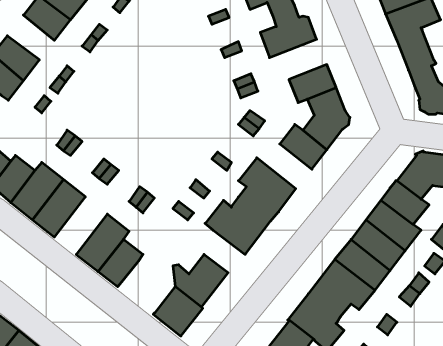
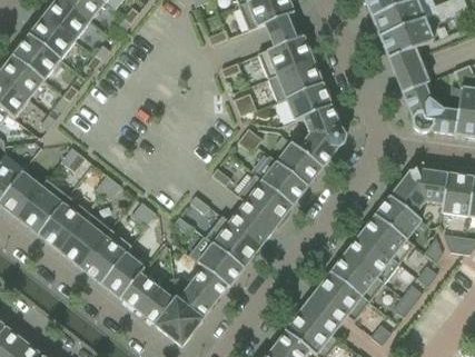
building: none -> [13,36,59,79]
building: none -> [267,59,323,101]
building: none -> [255,155,308,204]
building: none -> [59,211,110,267]
building: none -> [198,244,244,286]
building: none -> [121,274,176,324]

